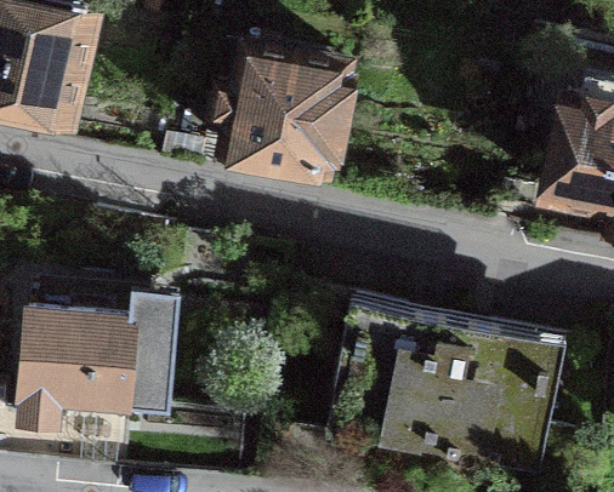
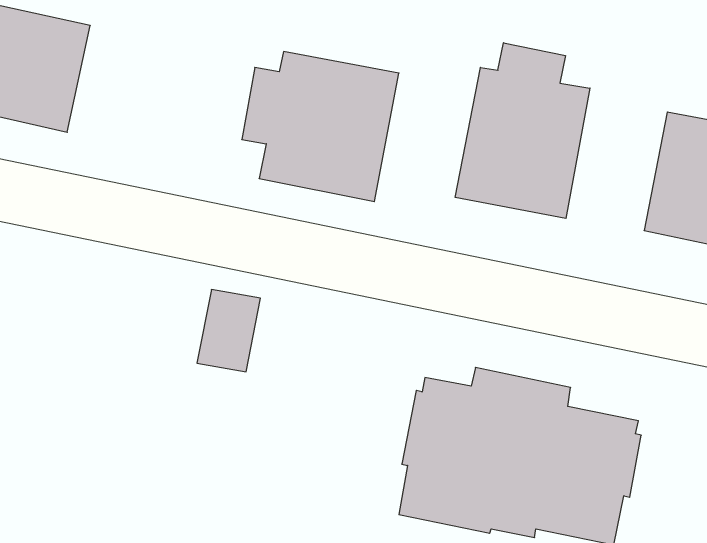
building: none -> [455,43,590,218]
building: [28,310,183,428] -> none

